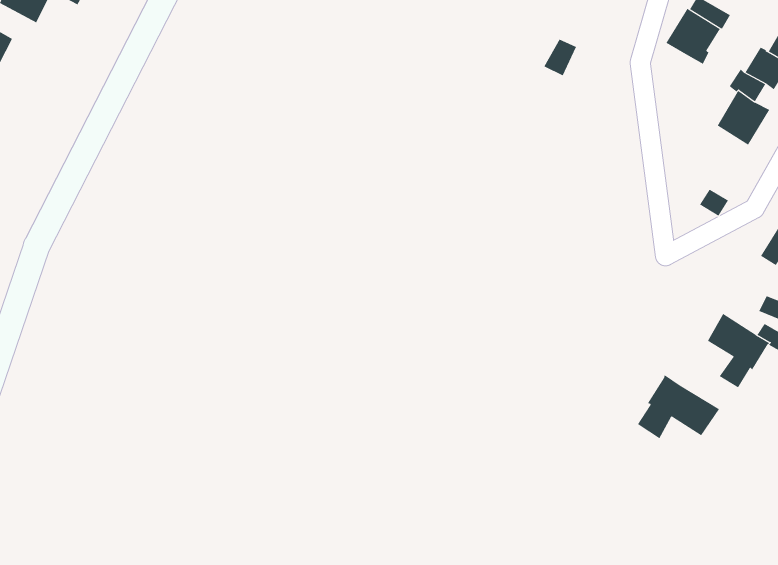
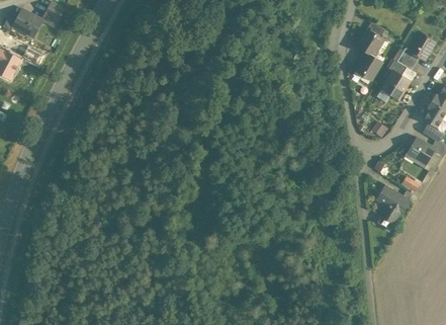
building: none -> [357,53,382,81]
building: [637,374,720,439] -> none

